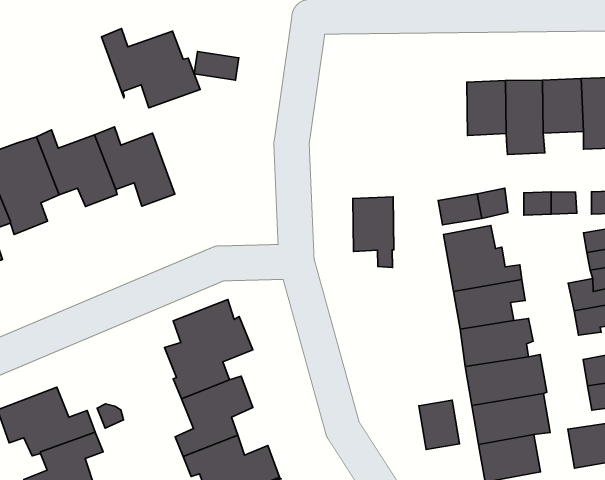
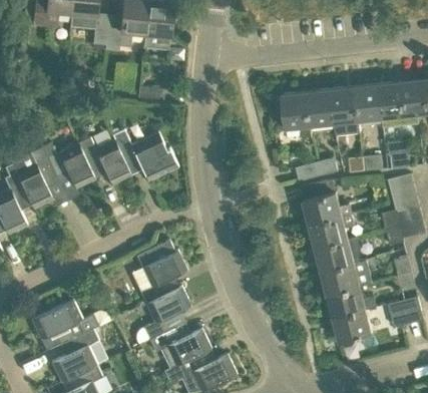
building: [101,29,200,108] -> [114,132,178,181]
building: [353,197,394,268] -> [283,92,311,136]
building: [419,400,460,450] -> none

